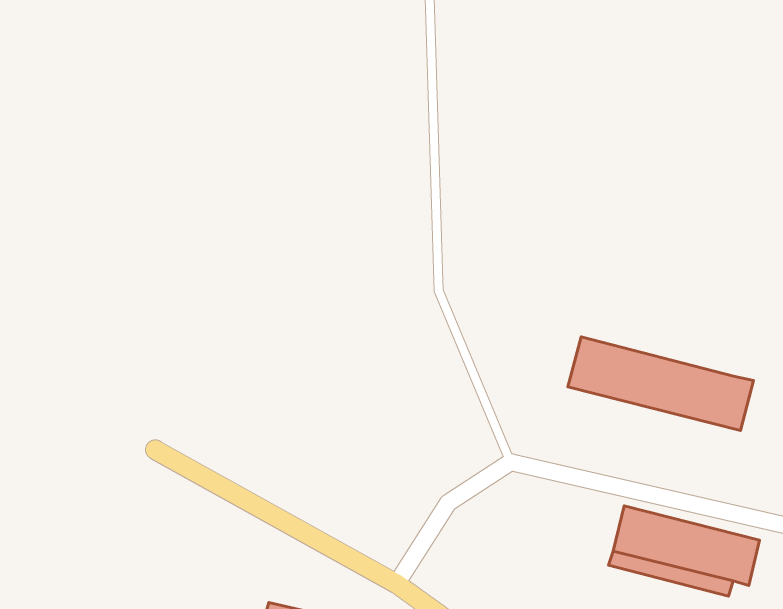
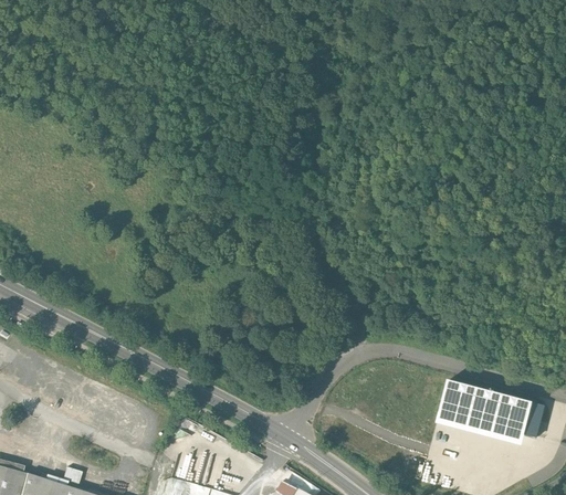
building: [568,337,754,430] -> none

